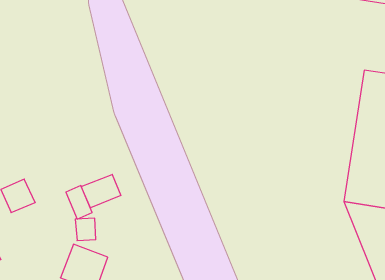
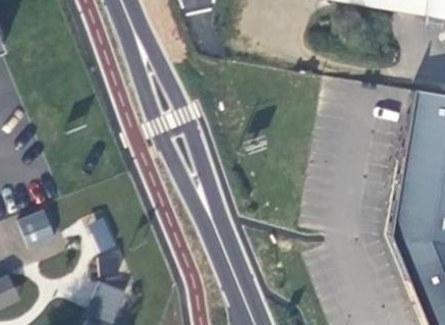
building: [81,174,121,208] -> none

